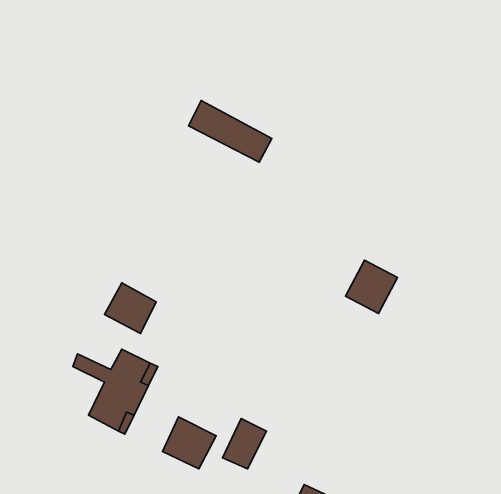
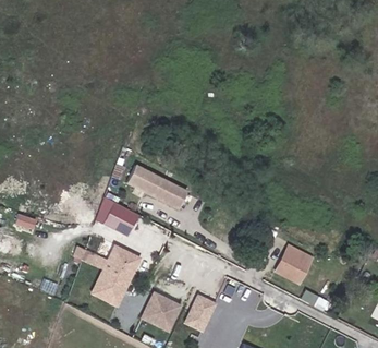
building: [188,101,272,162] -> [130,166,187,208]
building: [346,260,397,314] -> [276,245,312,283]

